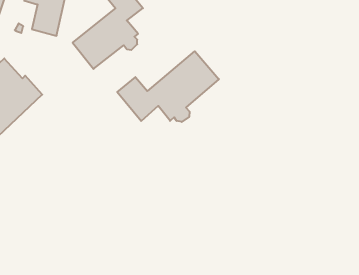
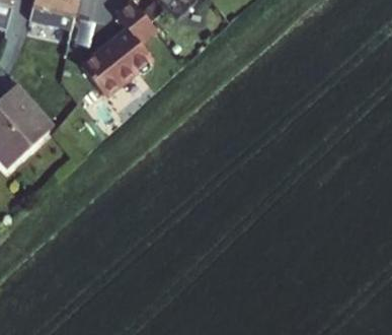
building: [117,51,219,122] -> none

